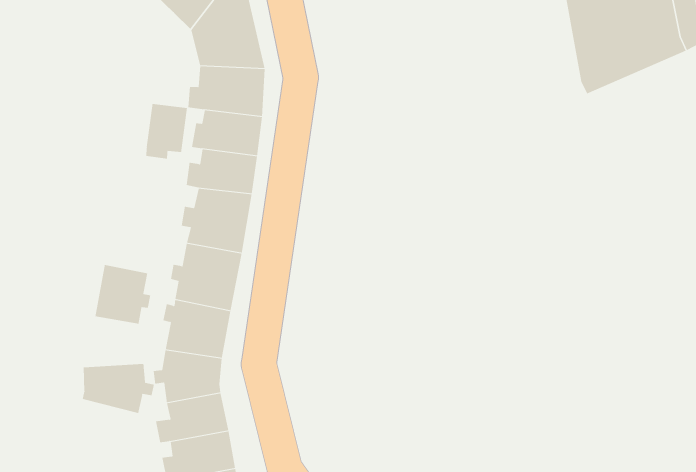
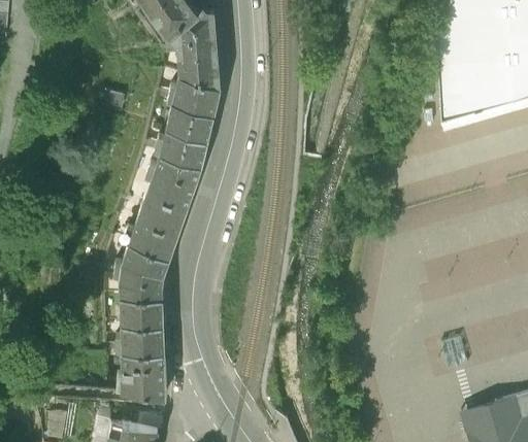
building: [146,103,187,159] -> none
building: [95,264,151,324] -> none
building: [82,363,155,414] -> none

